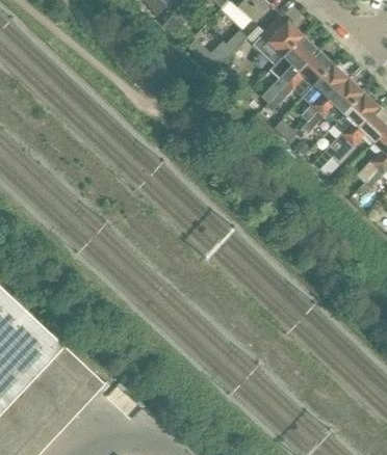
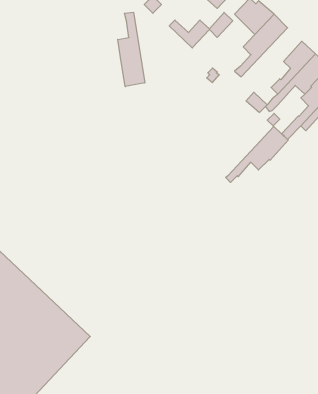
building: none -> [118,12,145,87]
building: [266,50,334,110] -> [226,127,288,182]

